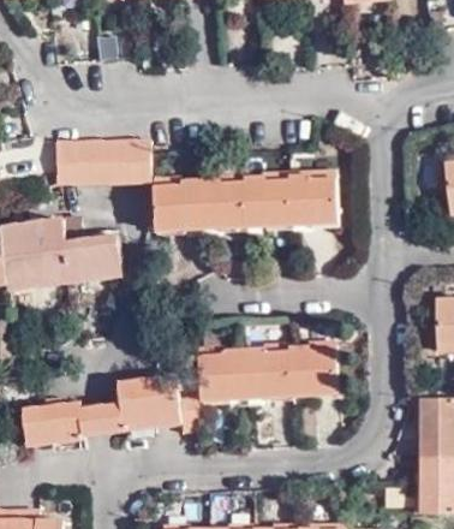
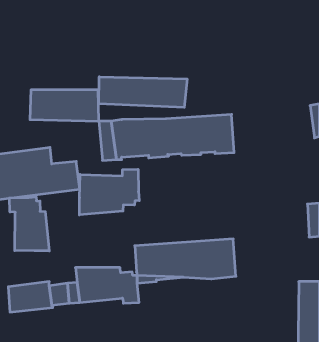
building: none -> [99,77,187,107]
building: none -> [79,169,139,215]
building: none -> [9,197,49,251]

